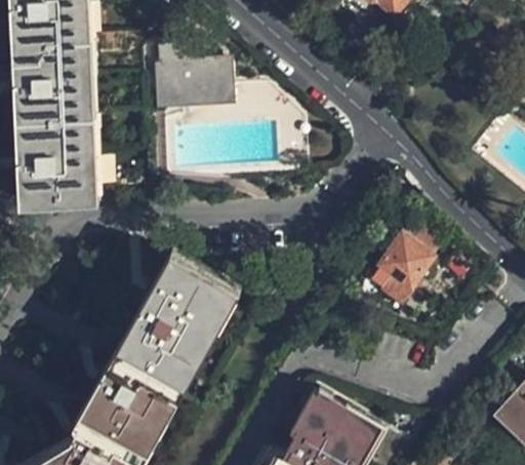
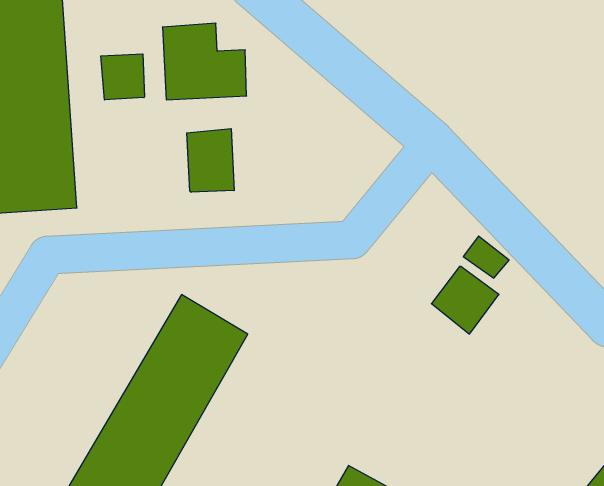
building: none -> [101,54,145,100]
building: none -> [187,129,234,192]

